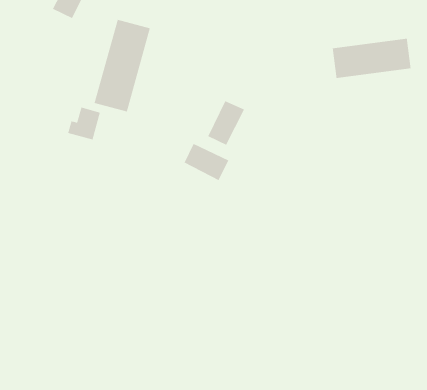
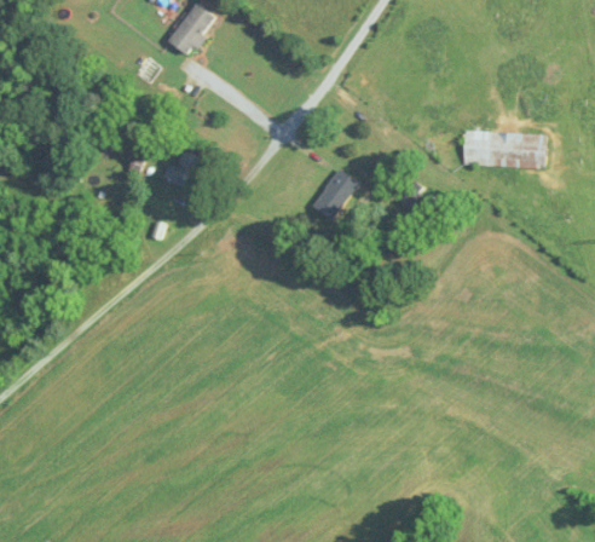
building: [94,19,151,113] -> none
building: [183,143,230,181] -> none

